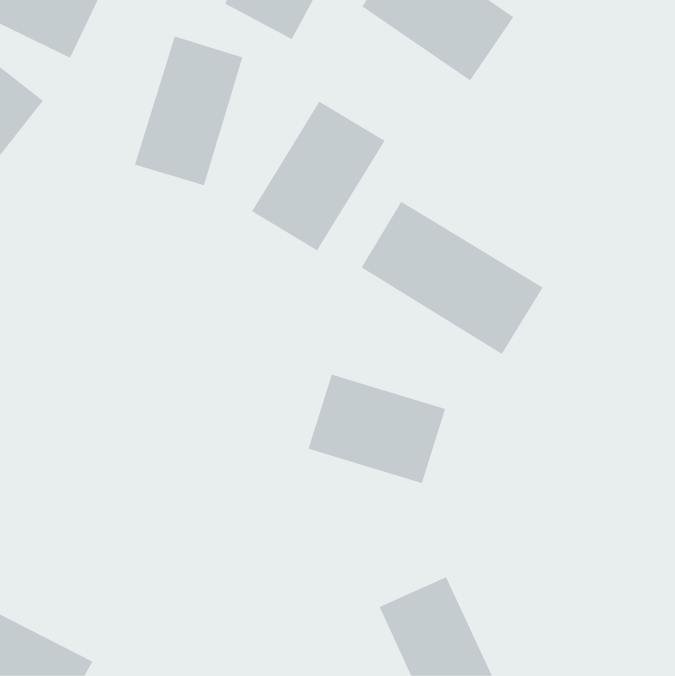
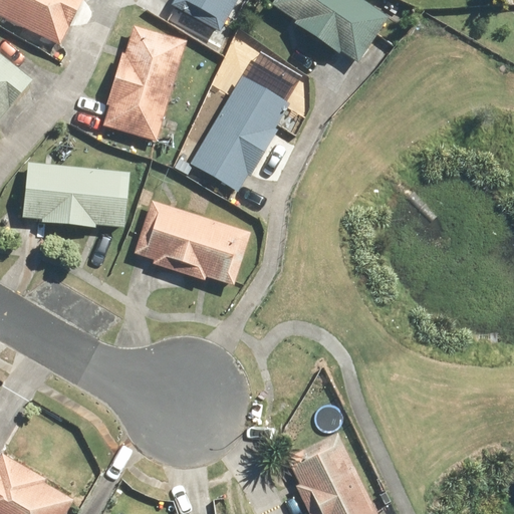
building: [361,201,544,355] -> none
building: none -> [21,162,128,232]
building: none -> [132,201,248,288]
building: [308,374,446,484] -> none

